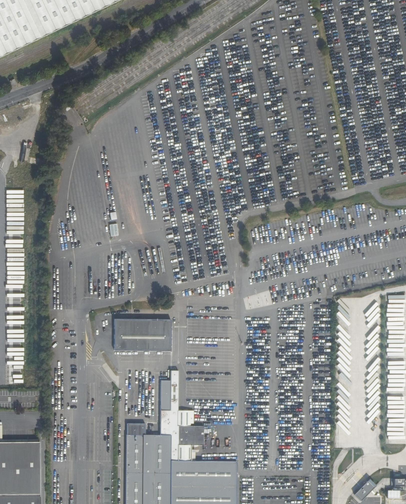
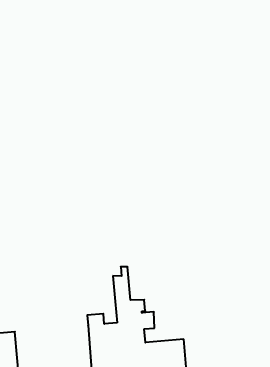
building: [114,319,171,351] -> none

